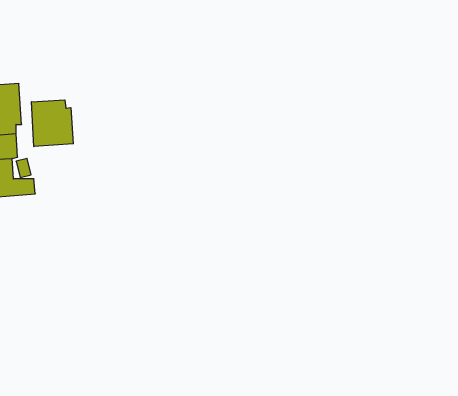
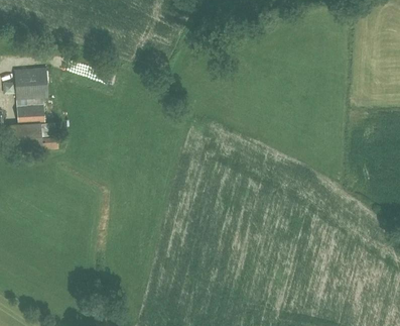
building: [32,100,73,147] -> none

